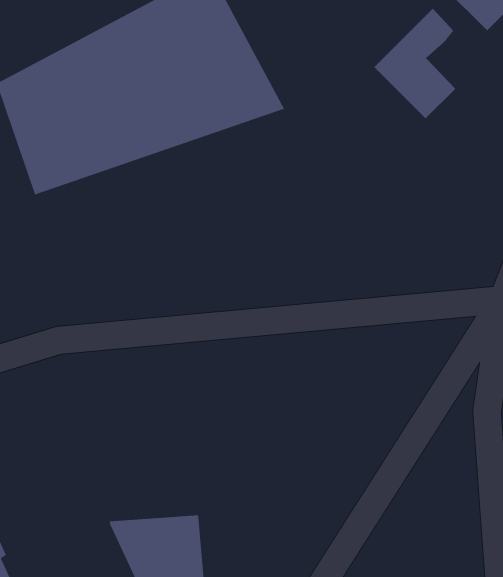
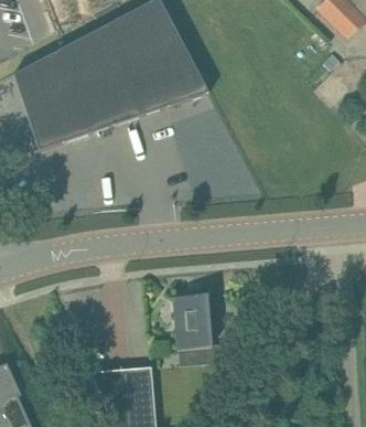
building: [373,8,456,119] -> none
building: none -> [173,292,229,364]

